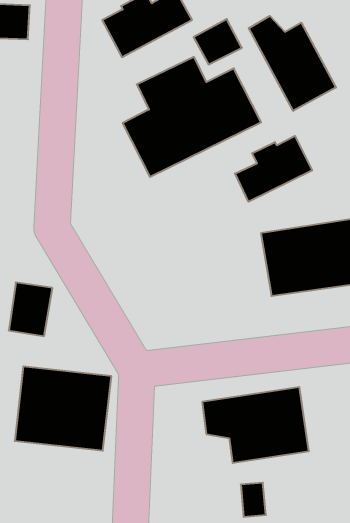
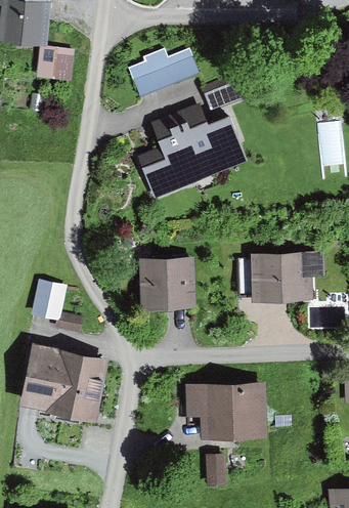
building: [249,16,336,111] -> none
building: [235,136,312,202] -> none
building: none -> [141,260,195,306]

